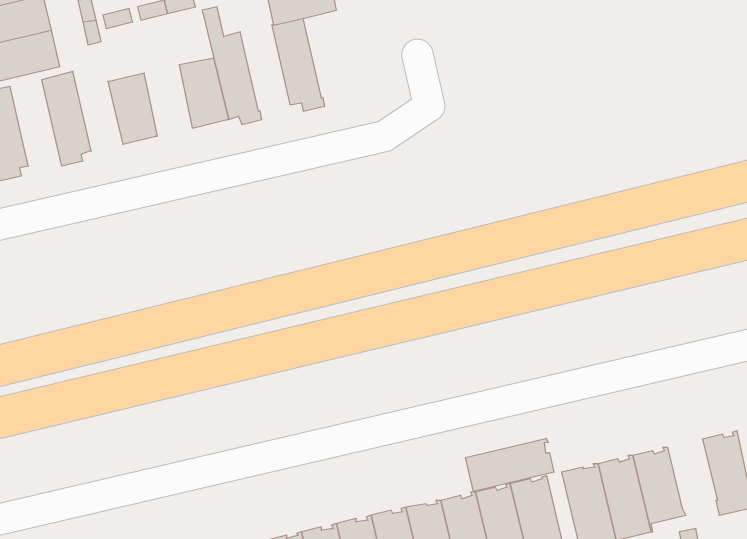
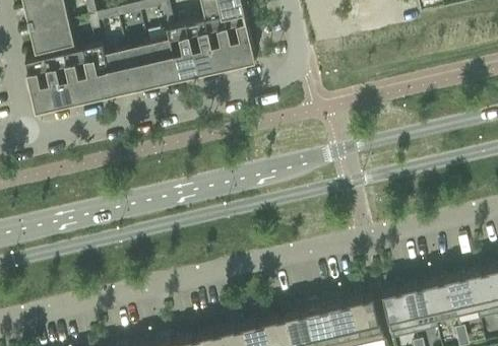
building: none -> [224,10,256,67]
building: none -> [185,19,217,76]
building: none -> [82,44,113,101]
building: none -> [126,44,155,87]
building: none -> [44,53,74,111]
building: [465,438,554,491] -> none
building: none -> [447,273,478,316]

